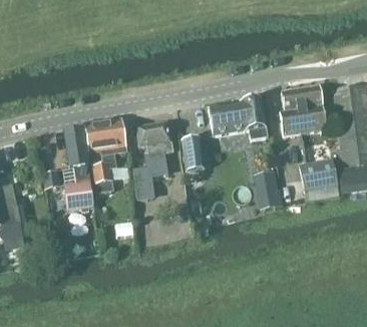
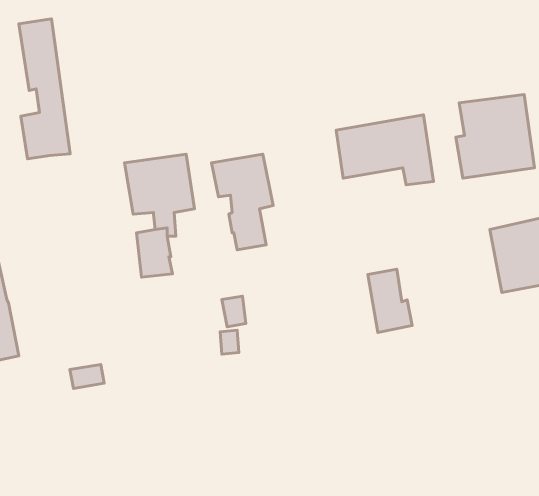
building: [64,128,94,211] -> [19,19,70,159]
building: [182,139,205,173] -> none
building: [132,168,153,200] -> none
building: [258,173,284,210] -> [368,269,412,332]

